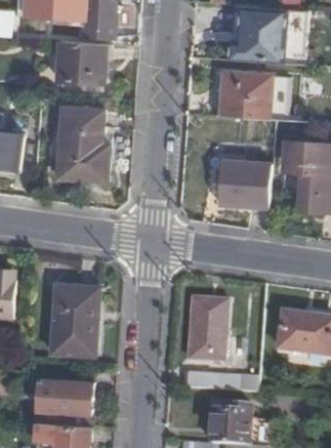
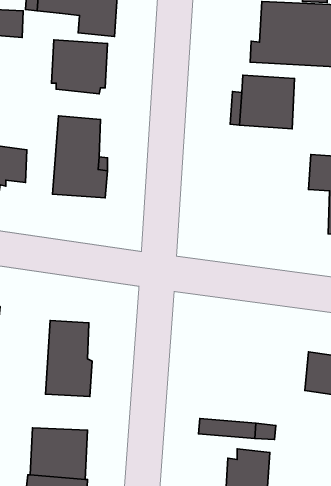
building: [215,160,272,206] -> none
building: [189,298,223,358] -> none

